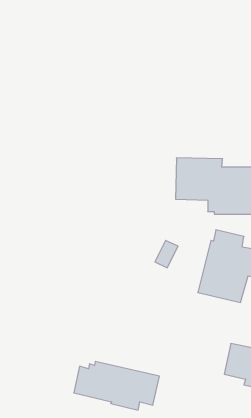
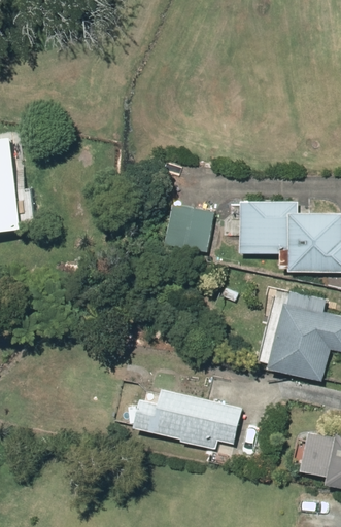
building: none -> [166,205,213,250]
building: [74,361,159,410] -> [134,389,241,450]

